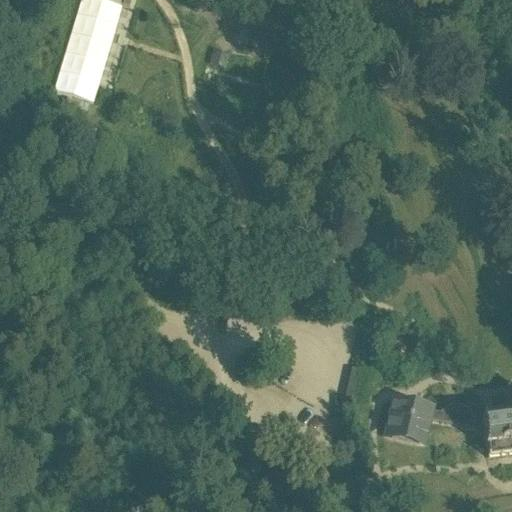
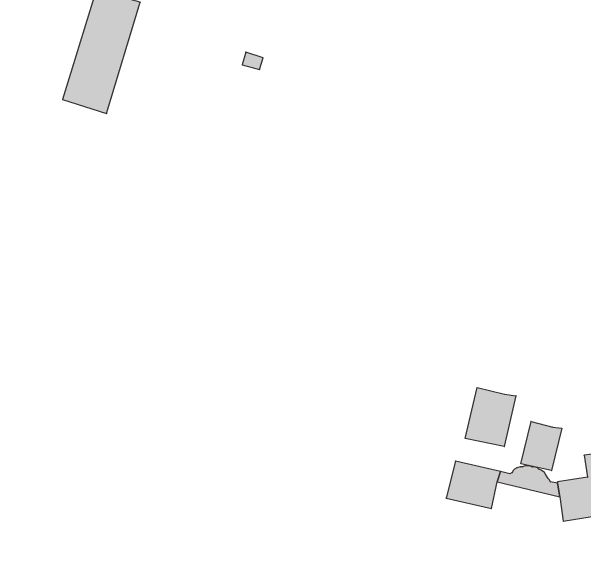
building: none -> [465,388,516,447]
building: none -> [521,421,562,471]

